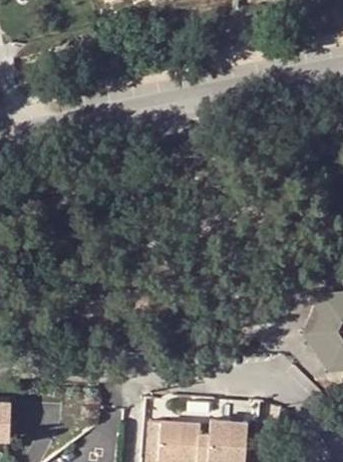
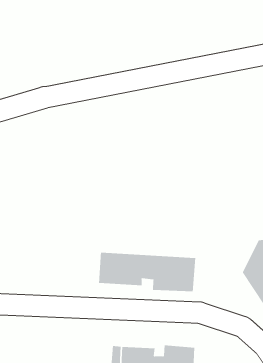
building: none -> [98,252,196,292]

